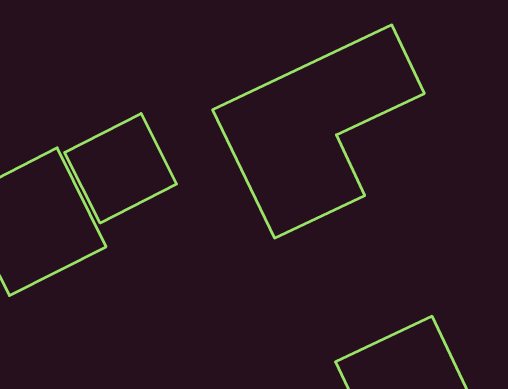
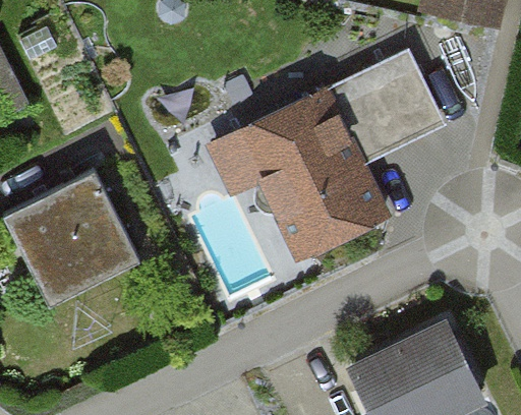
building: [65,113,177,223] -> none

